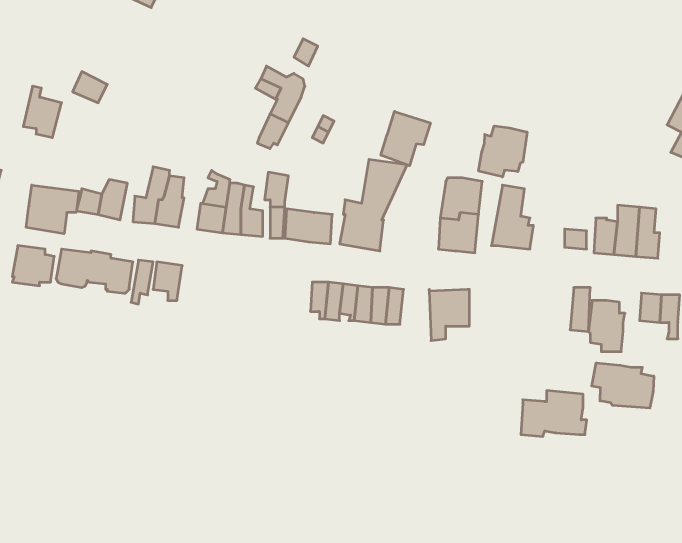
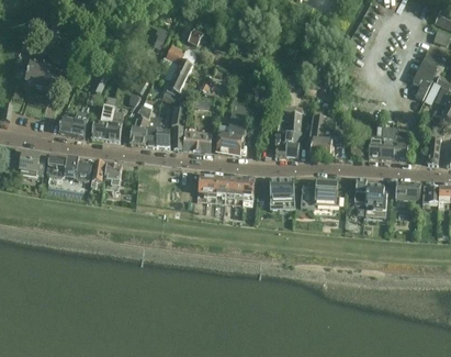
building: [381,111,430,166] -> none
building: [479,126,527,177] -> none
building: [26,185,79,234] -> none
building: [592,363,654,408] -> none
building: [521,391,587,436] -> [301,179,340,207]

